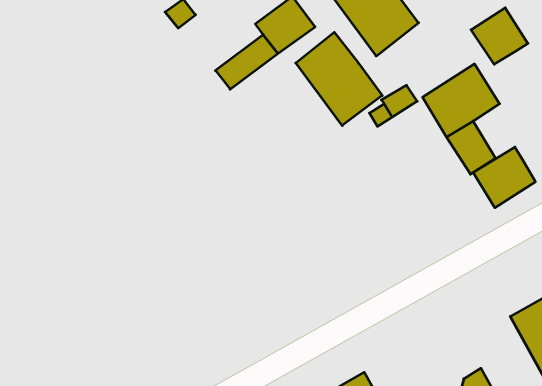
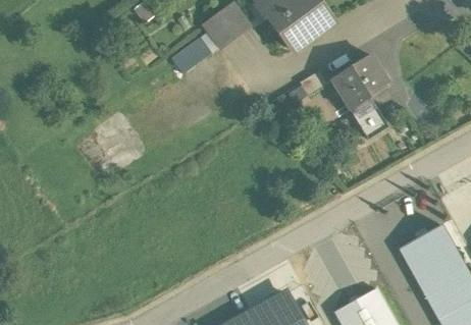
building: [471,8,528,64] -> none
building: [296,32,382,126] -> none
building: [473,147,535,208] -> none

